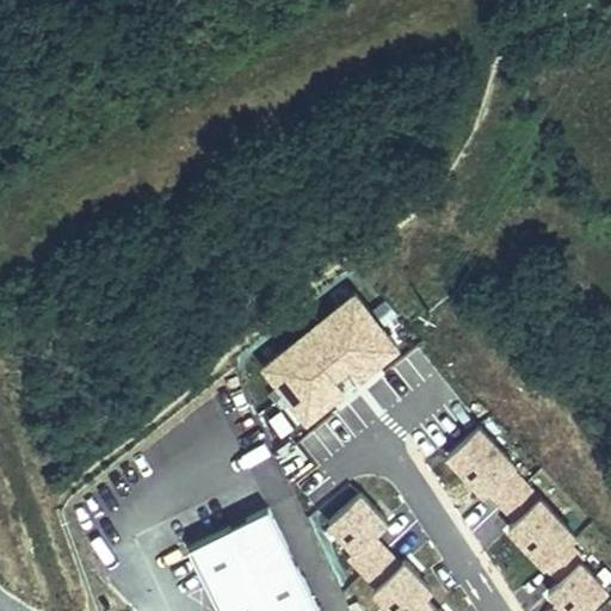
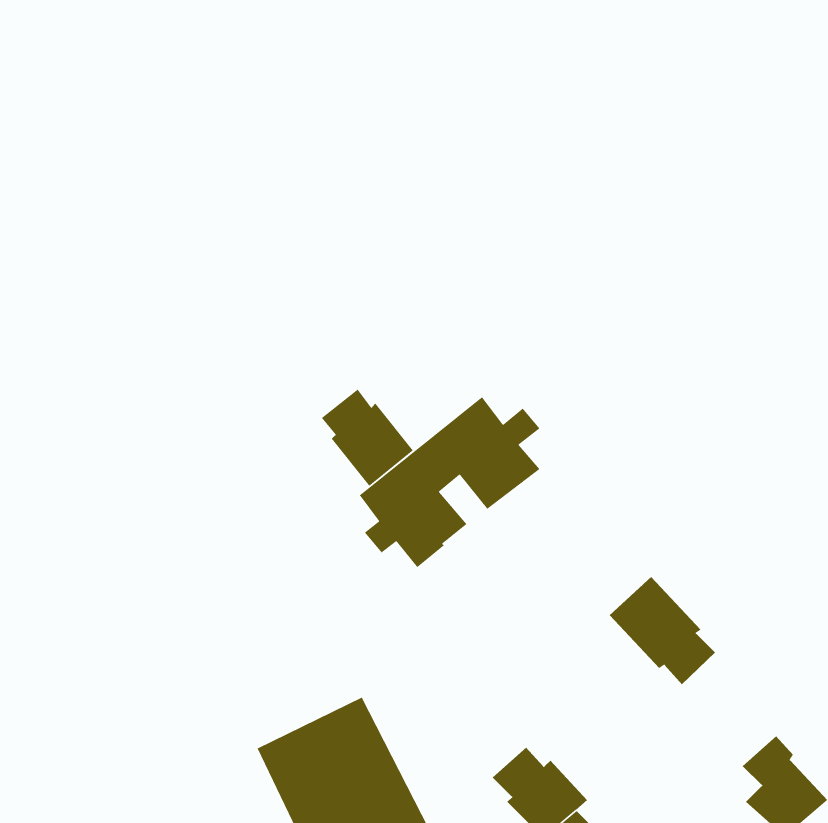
building: none -> [321,388,414,487]
building: [501,485,578,568] -> none
building: [327,496,388,576] -> none

